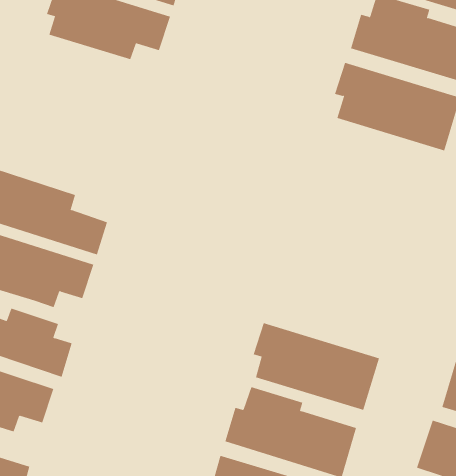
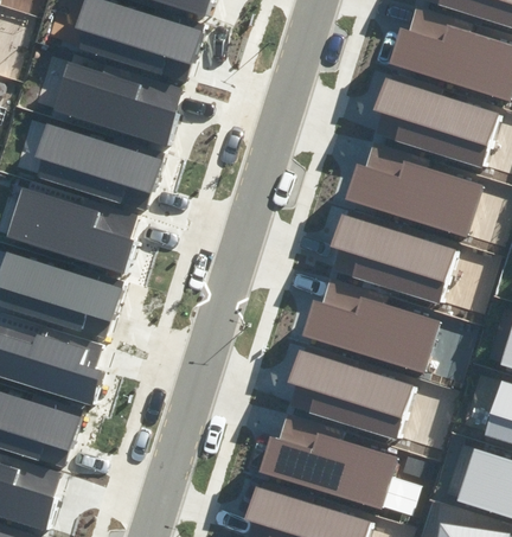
building: none -> [50,62,179,148]
building: none -> [34,122,162,205]
building: none -> [345,142,482,237]
building: none -> [328,212,460,305]
building: none -> [301,280,440,375]

